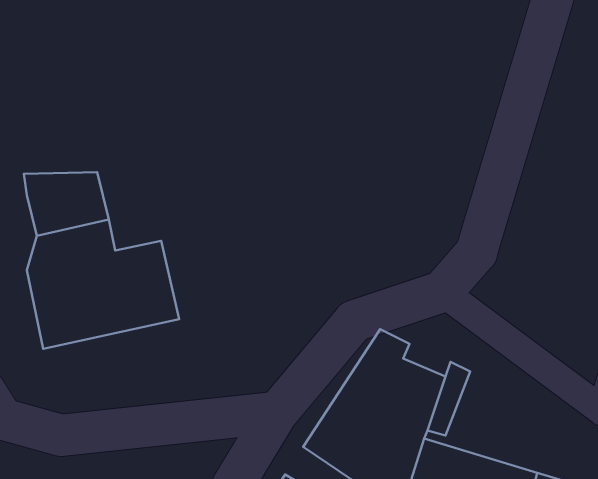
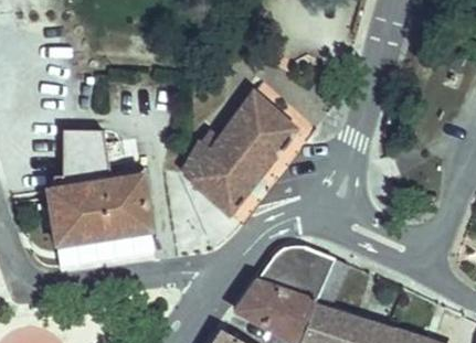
building: none -> [179,85,290,203]

